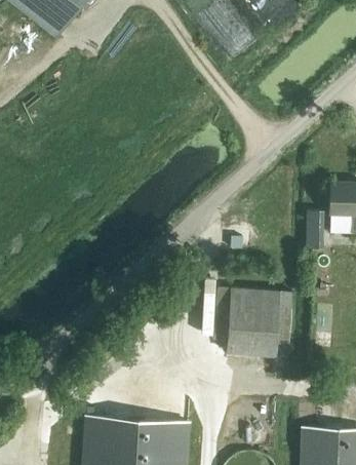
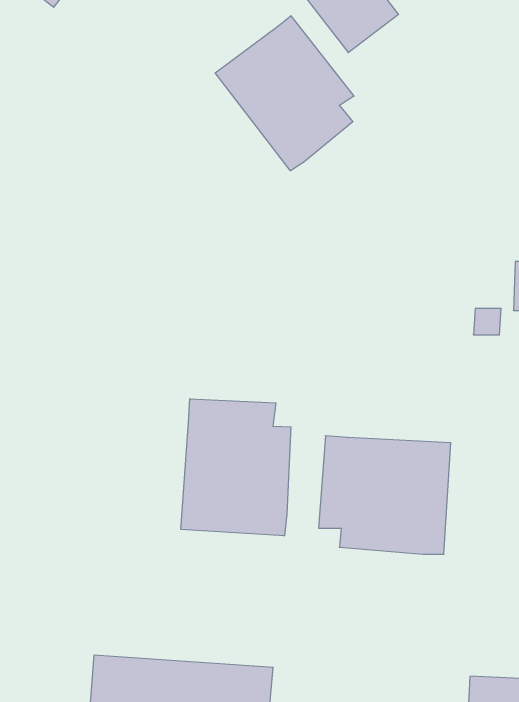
building: none -> [215,16,354,171]
building: none -> [181,399,291,536]

